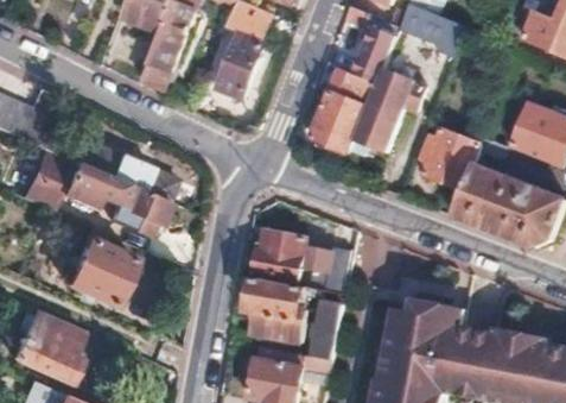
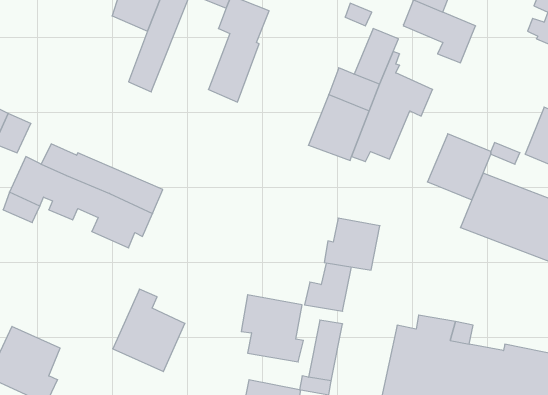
building: [61,227,128,304] -> [113,289,185,372]
building: [250,229,303,278] -> [324,218,380,270]

